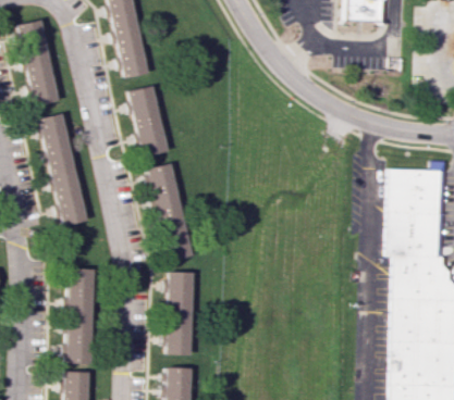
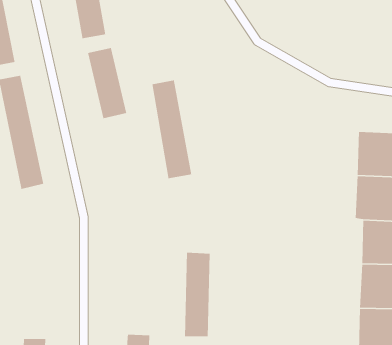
building: [150,163,191,261] -> [151,80,192,179]
building: [68,268,95,364] -> none
building: [167,272,193,355] -> [184,252,211,337]

